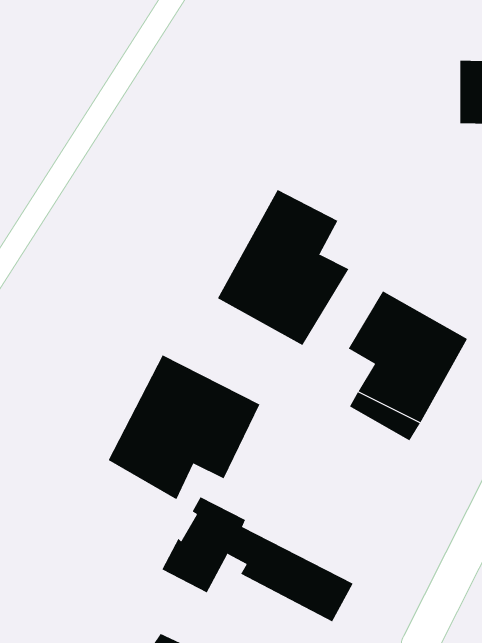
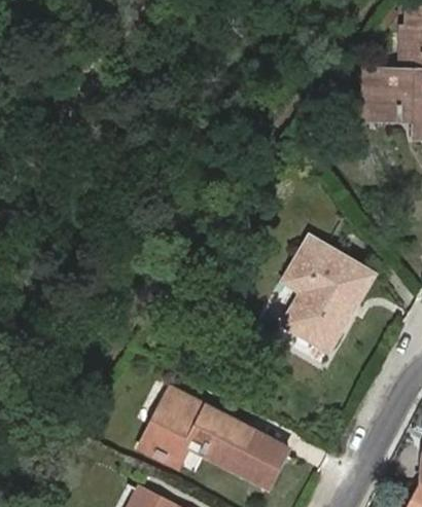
building: [217,189,349,346] -> none
building: [108,355,260,500] -> none

